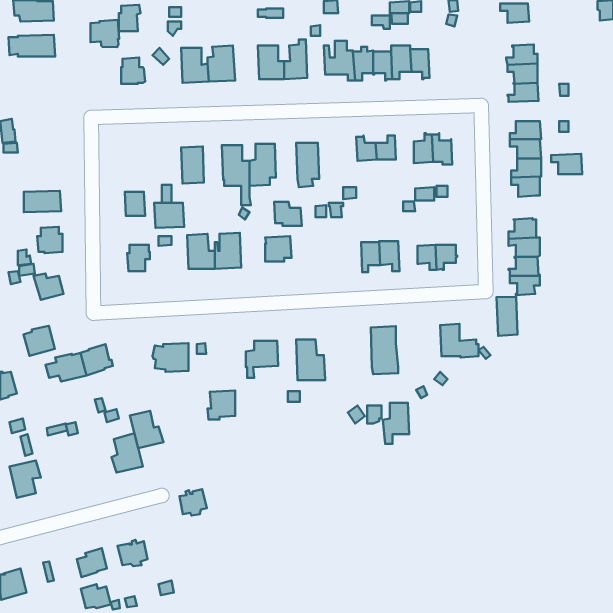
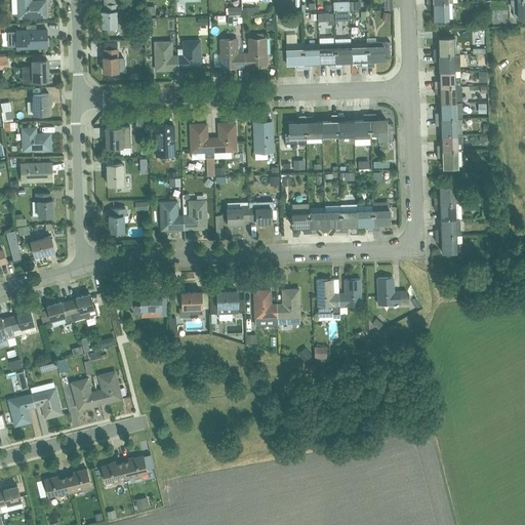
building: [90,20,119,47] -> none
building: none -> [366,42,391,67]
building: none -> [22,54,48,83]
building: none -> [28,94,49,115]
building: none -> [337,115,354,144]
building: none -> [284,117,306,144]
building: none -> [22,127,51,151]
building: [551,154,582,174] -> [435,86,461,104]
building: [274,202,302,226] -> [248,202,272,223]
building: [154,203,184,228] -> [106,127,131,149]
building: none -> [291,203,310,233]
building: none -> [340,204,357,232]
building: [497,297,518,336] -> none
building: [24,326,55,356] -> [9,311,36,336]
building: none -> [277,289,299,324]
building: [207,391,235,419] -> [178,292,202,317]
building: [383,403,409,444] -> [338,279,361,314]
building: [130,411,163,448] -> [71,377,99,409]
building: none -> [30,382,62,418]
building: [179,489,207,515] -> [123,456,147,479]
building: [81,584,111,608] -> [44,476,70,496]

